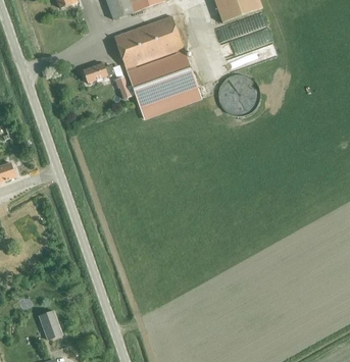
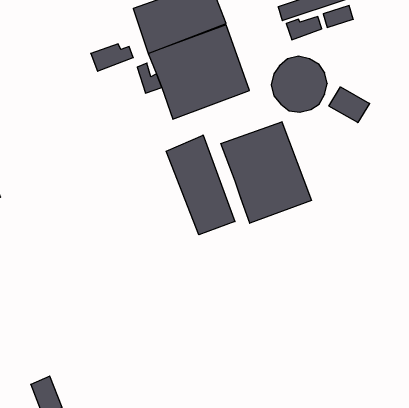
building: none -> [329,87,370,123]
building: none -> [221,122,312,223]
building: none -> [166,135,235,235]

